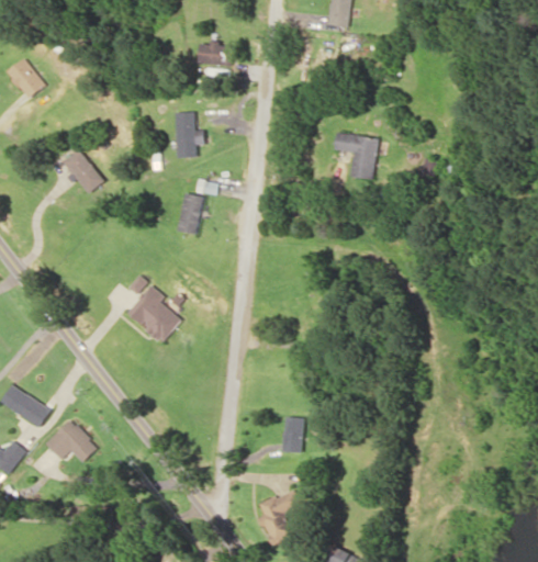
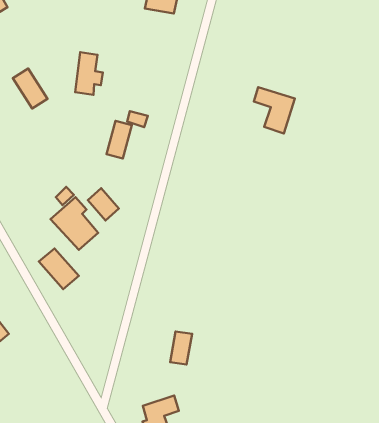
building: [175,112,203,157] -> [75,52,103,95]
building: none -> [88,188,119,220]
building: none -> [39,248,79,289]

